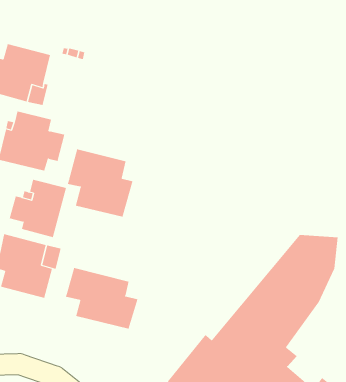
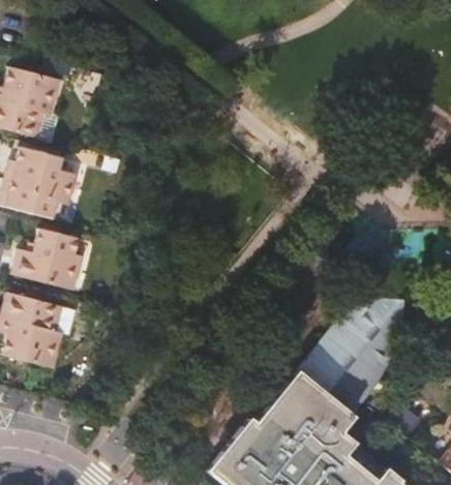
building: [67,149,133,217] -> none
building: [65,267,138,330] -> none

